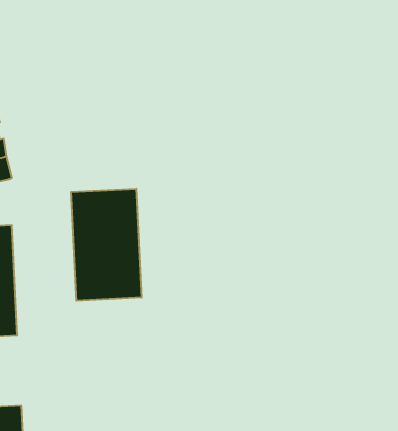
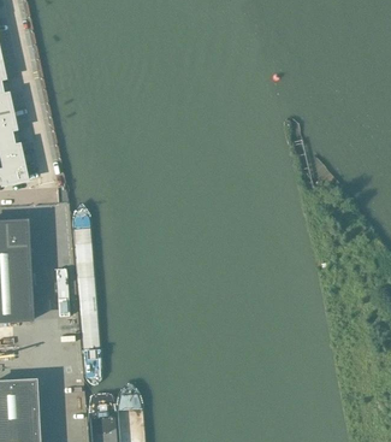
building: [71,189,142,301] -> none

